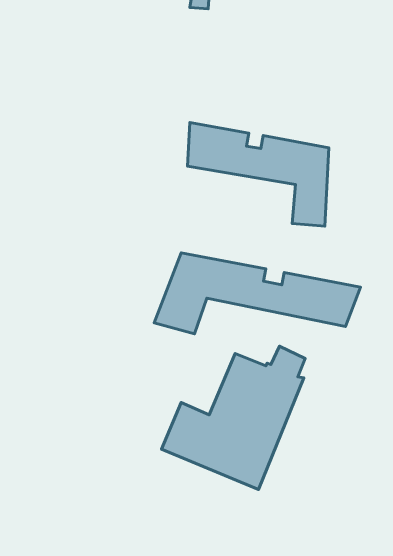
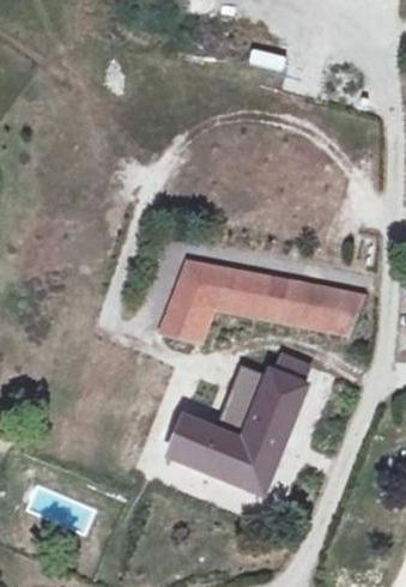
building: [187,122,329,226] -> none

